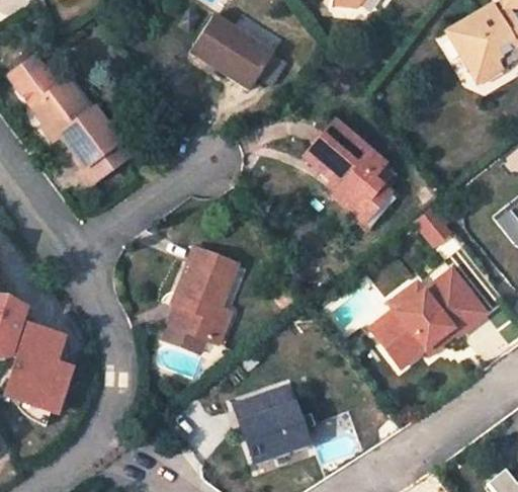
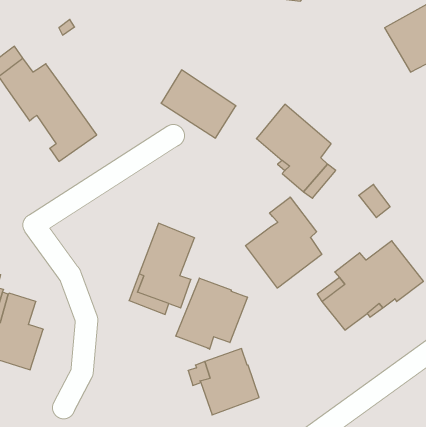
building: [191,13,273,88] -> [161,70,236,138]
building: none -> [246,197,322,288]
building: none -> [176,278,247,349]

